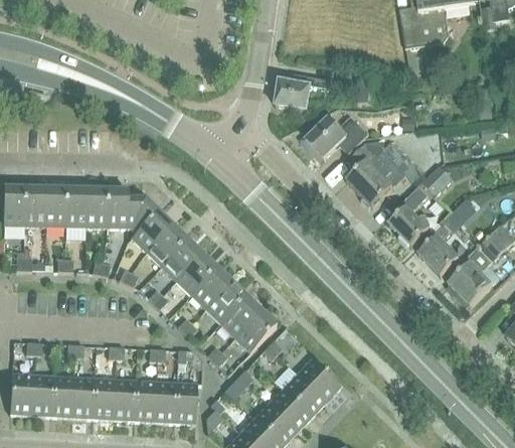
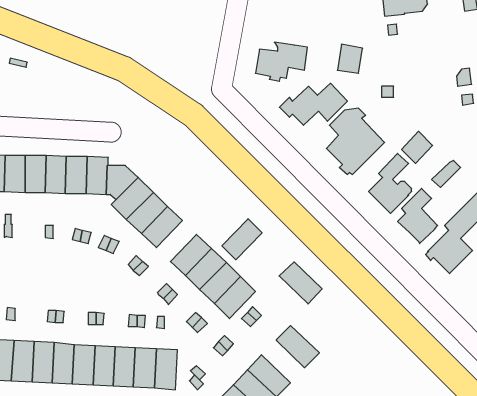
building: [176,253,216,294] -> [222,219,262,260]
building: [282,374,325,416] -> [279,262,322,304]

